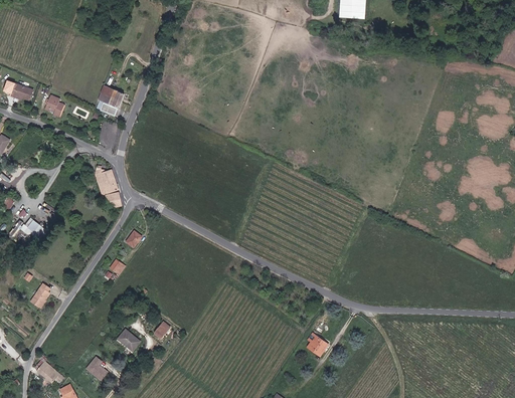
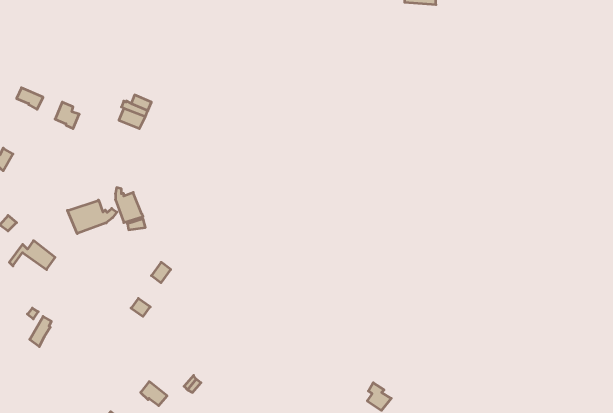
building: none -> [67,200,117,234]

